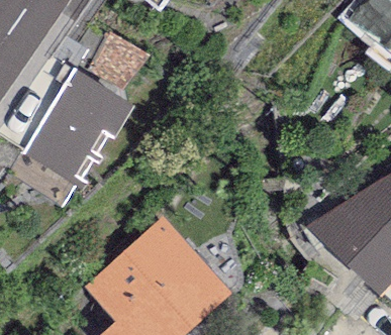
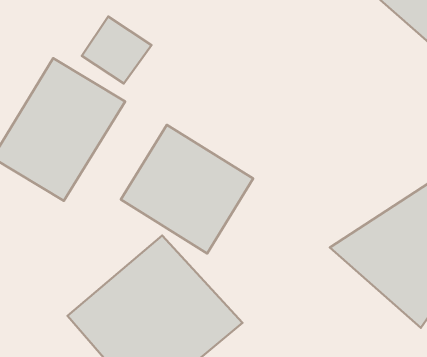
building: none -> [121,125,253,253]

